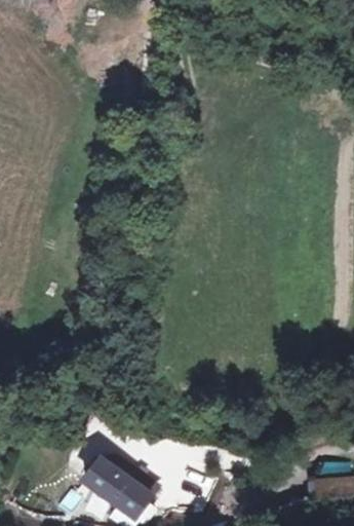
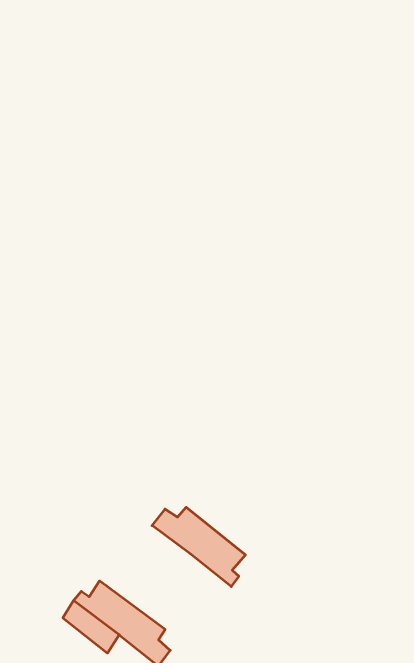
building: none -> [152,507,245,587]

